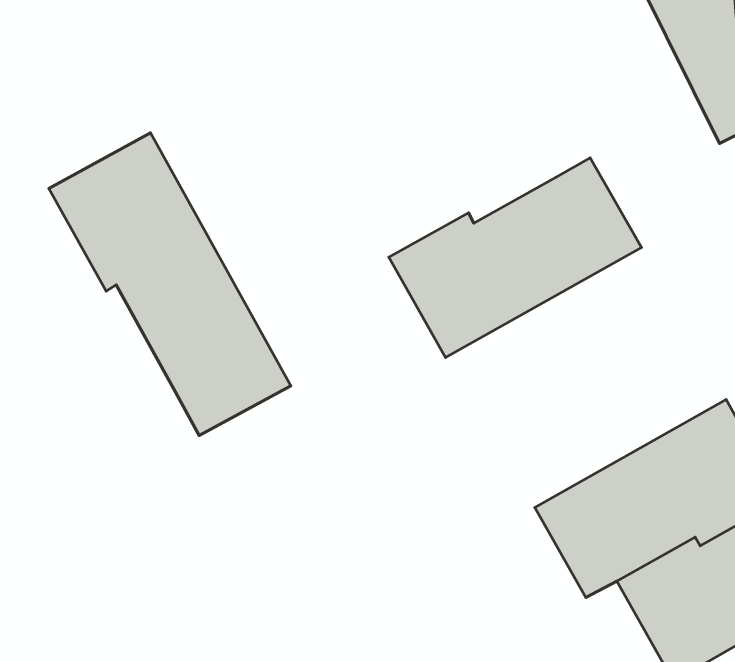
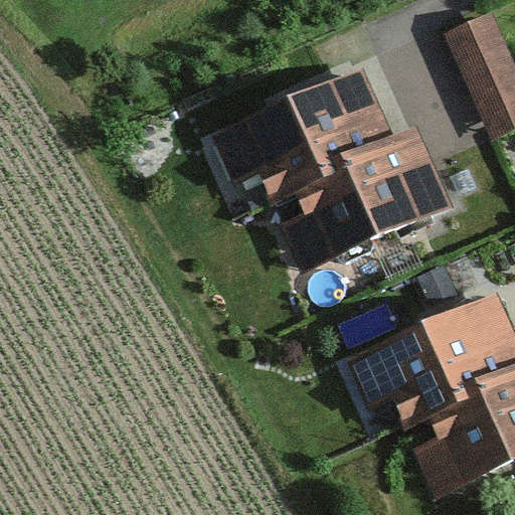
building: none -> [225,80,388,203]
building: [49,133,291,436] -> none

